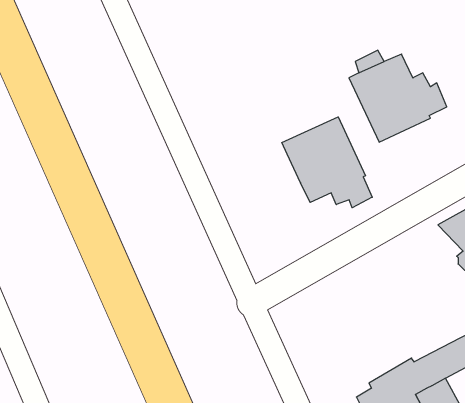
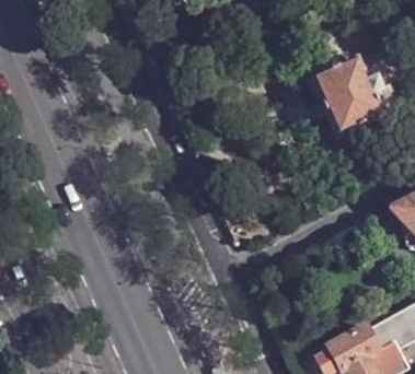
building: [282,117,372,208] -> none

